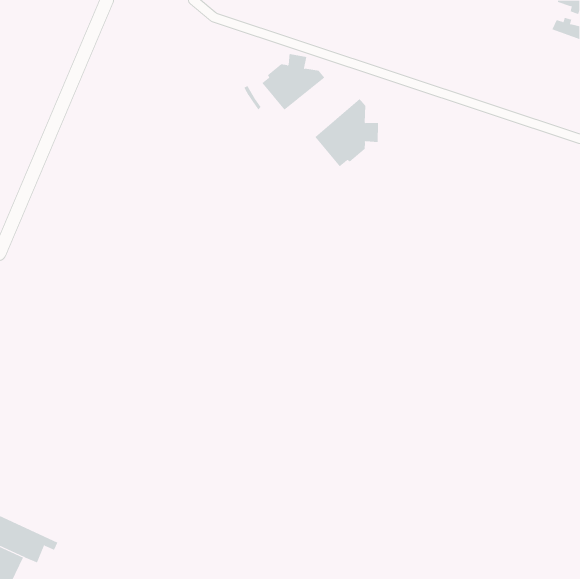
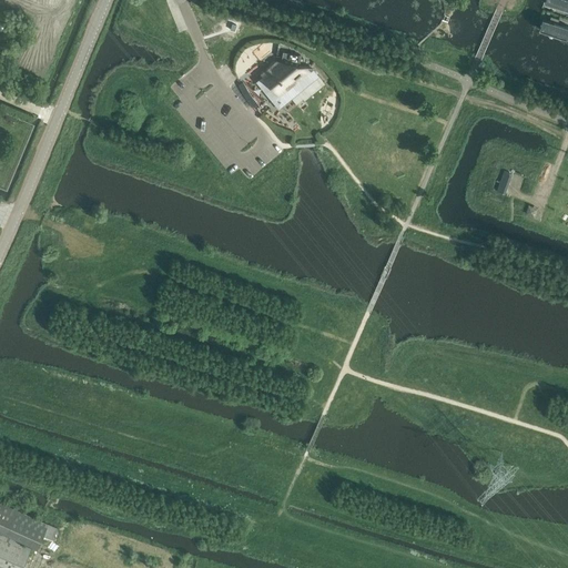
building: [315,98,378,167] -> none

